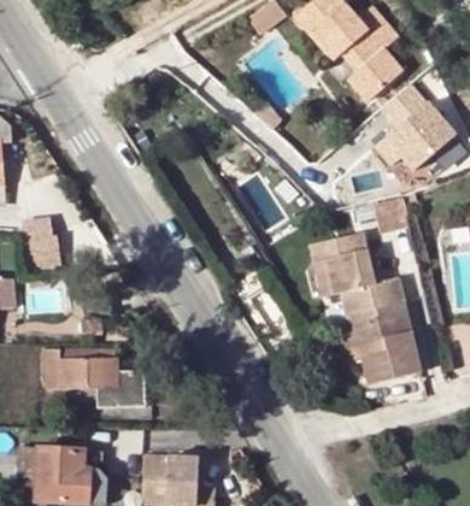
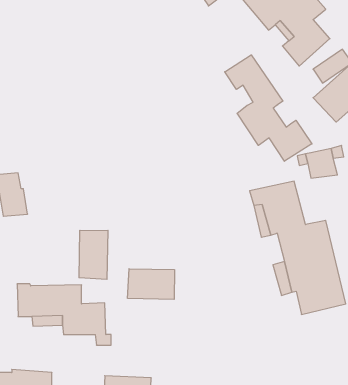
building: none -> [225,55,312,161]
building: none -> [79,230,108,279]
building: none -> [128,269,174,299]

